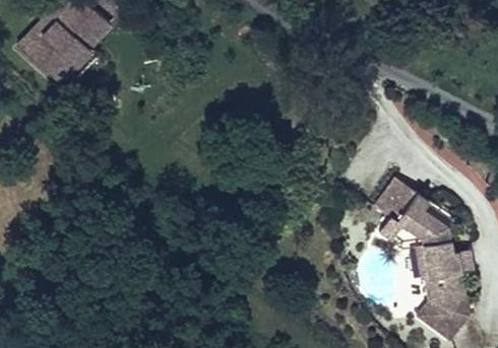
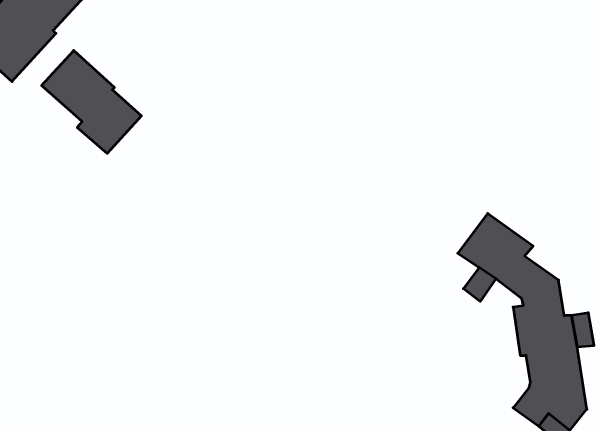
building: none -> [42,50,141,153]

